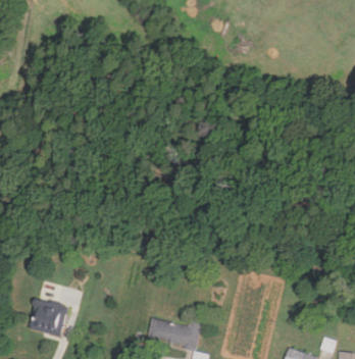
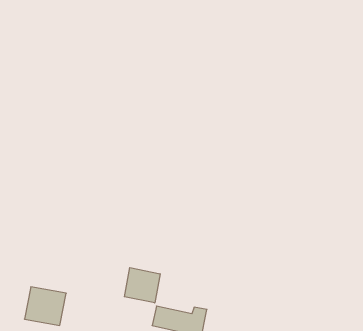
building: none -> [124,268,160,303]

